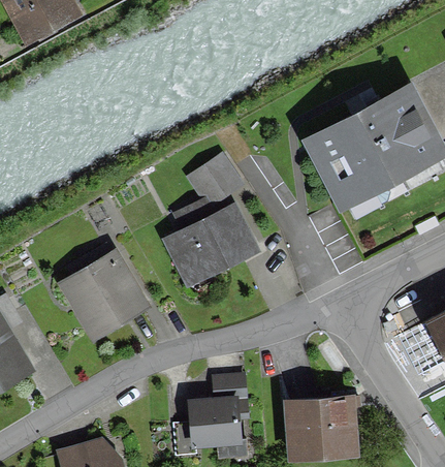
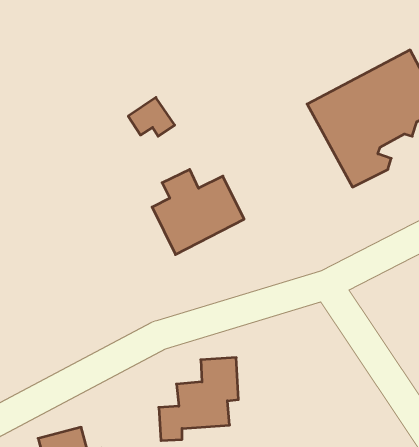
building: [193,159,236,195] -> [128,97,175,136]
building: [67,246,140,331] -> none
building: [288,397,355,456] -> none

